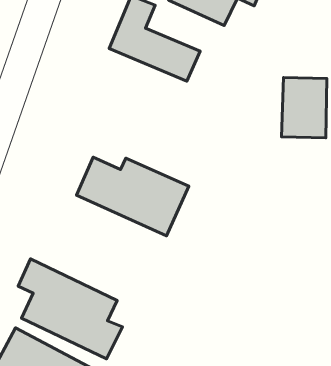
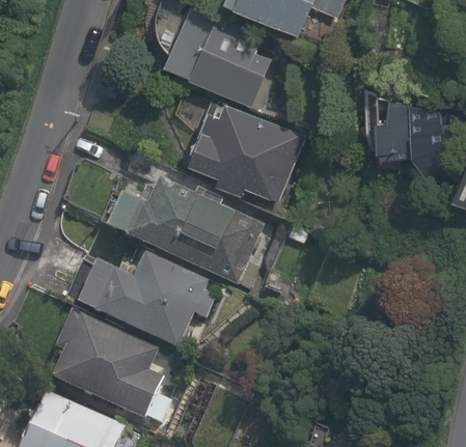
building: none -> [187,95,307,216]
building: none -> [88,255,217,346]

